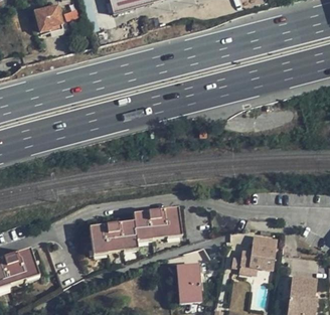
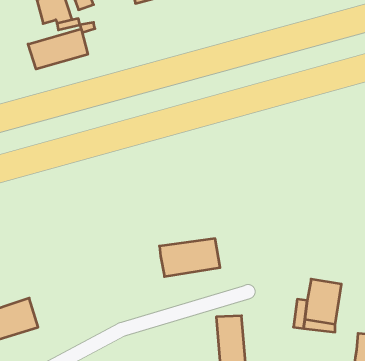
building: none -> [28,29,88,69]
building: [90,215,138,245] -> none

